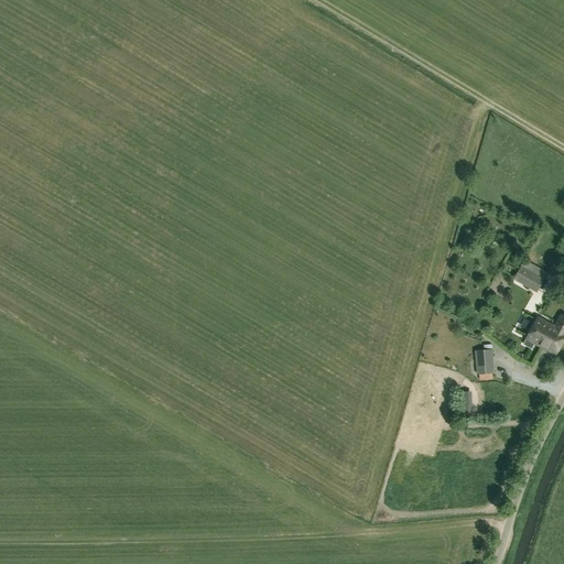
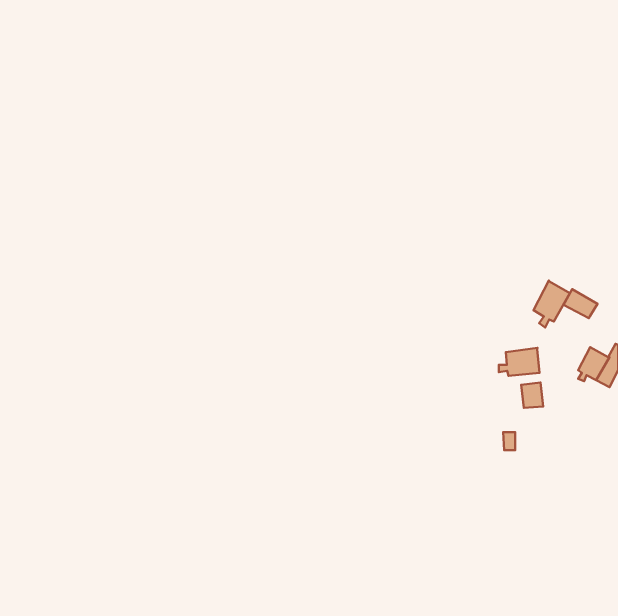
building: none -> [533,280,570,327]
building: none -> [499,348,540,376]

